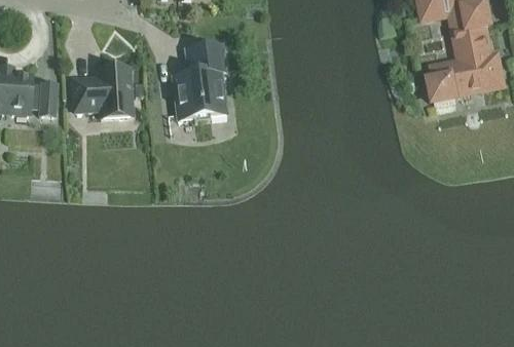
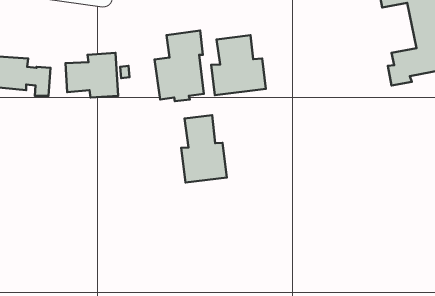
building: none -> [211,35,266,95]
building: none -> [181,115,227,183]

